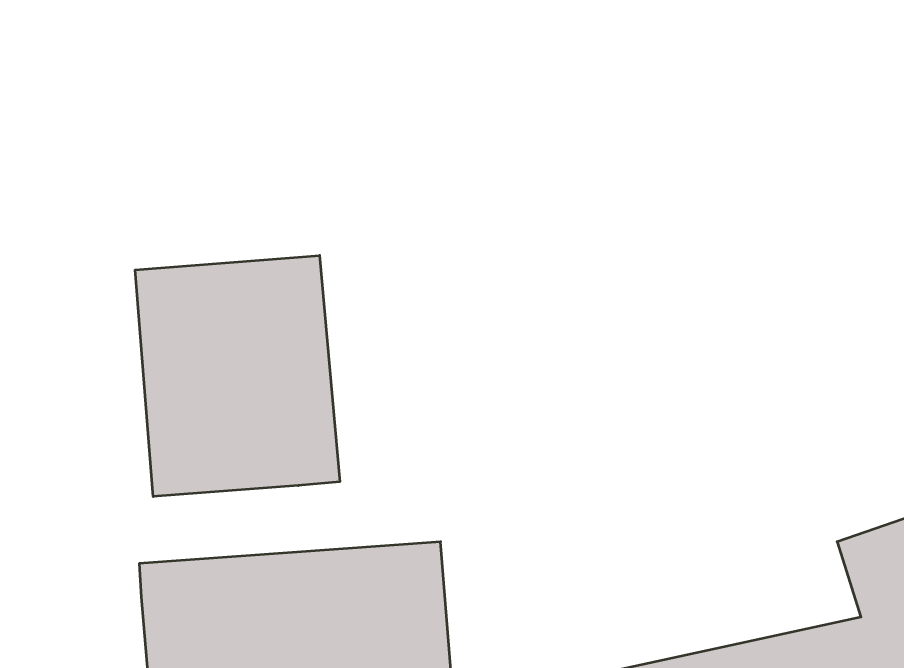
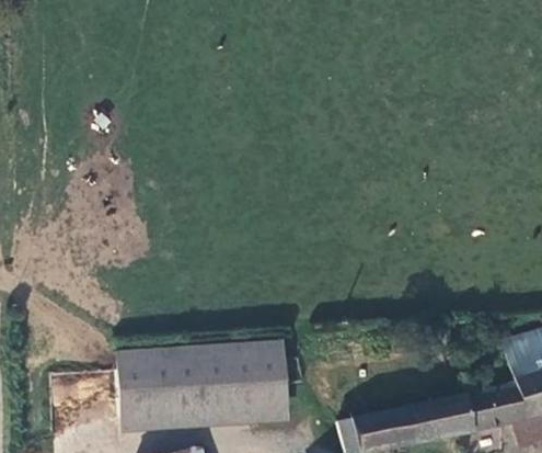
building: [135,255,340,497] -> none

